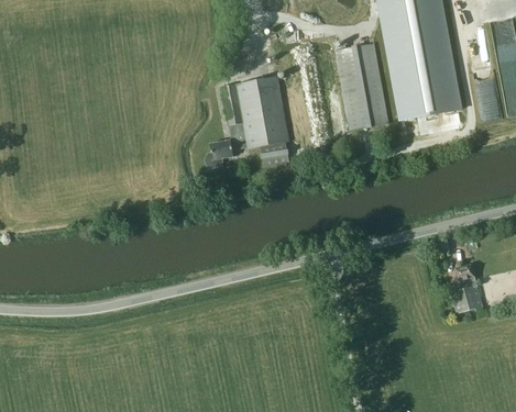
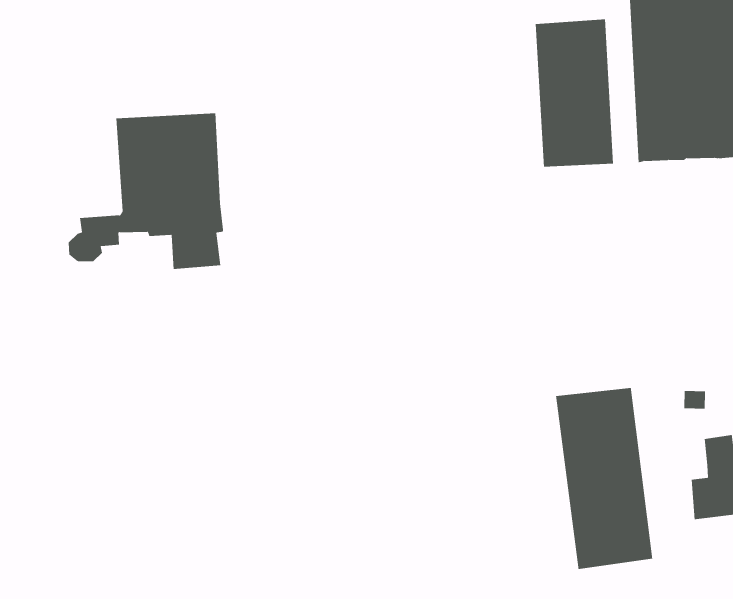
building: [204,76,289,167] -> [68,113,224,269]
building: none -> [556,387,653,570]

